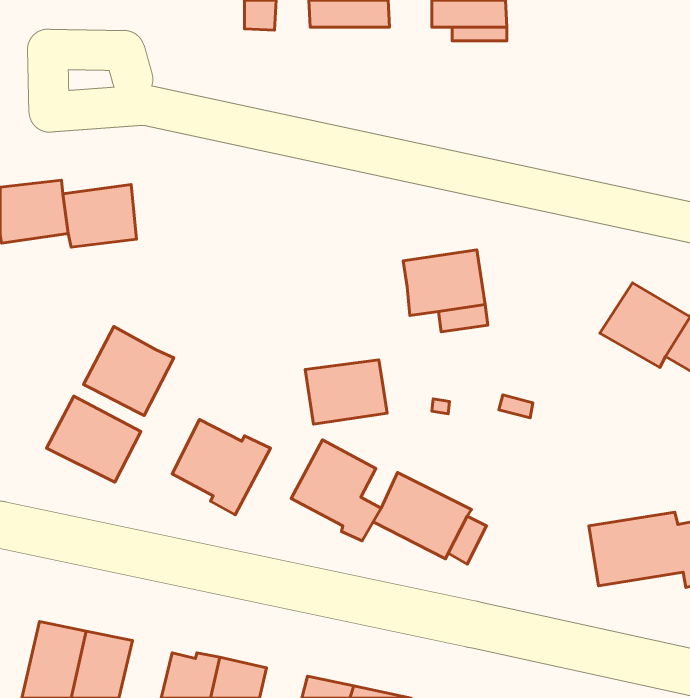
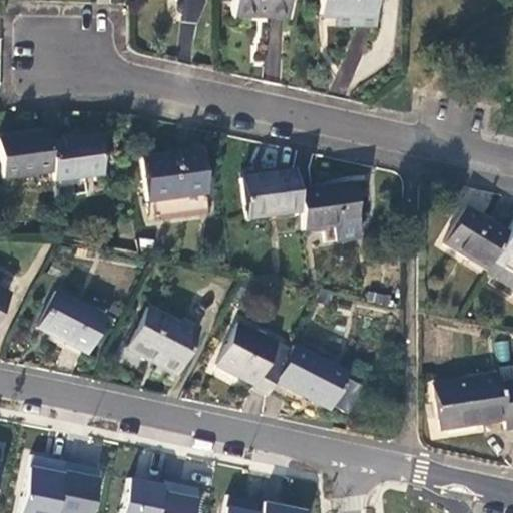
building: none -> [145,151,210,202]
building: [83,326,174,416] -> none
building: [305,360,387,424] -> [244,171,305,218]

